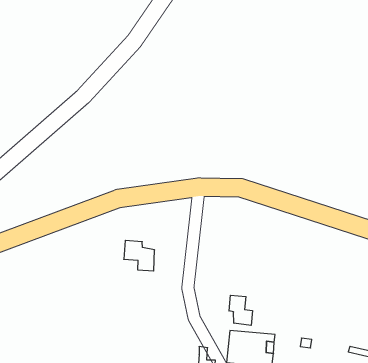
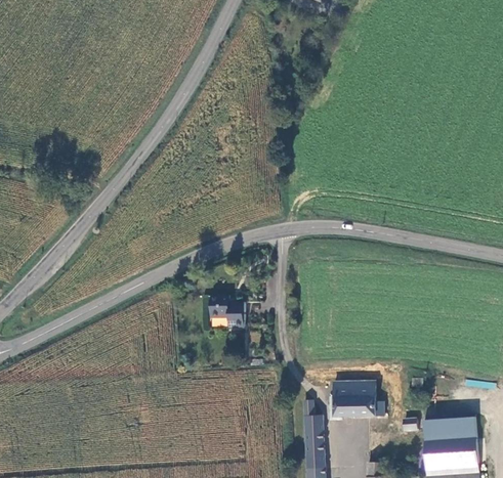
building: [229,295,252,325] -> none

